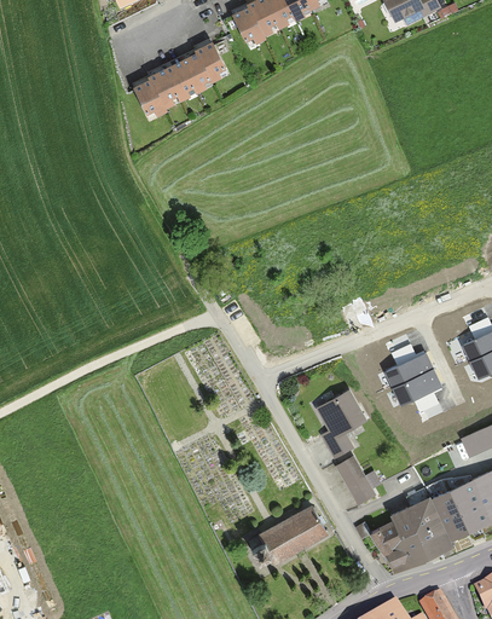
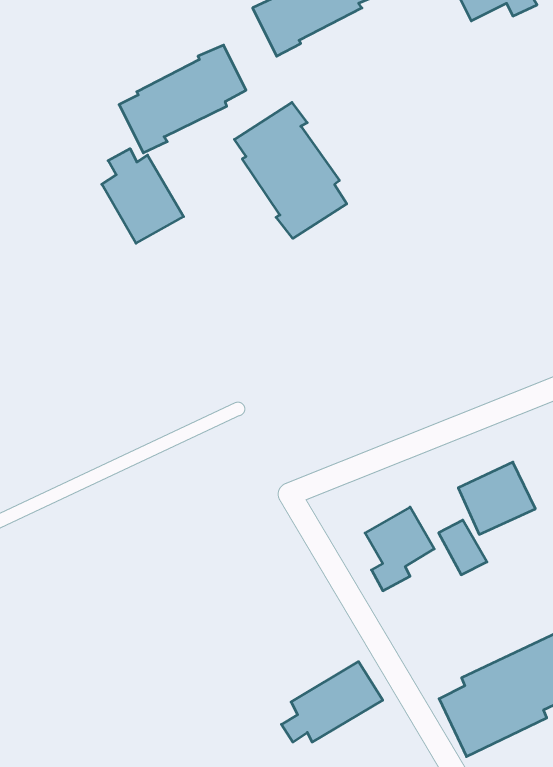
building: none -> [234,102,347,238]
building: none -> [102,149,184,243]
building: [336,455,372,496] -> [439,520,487,575]

